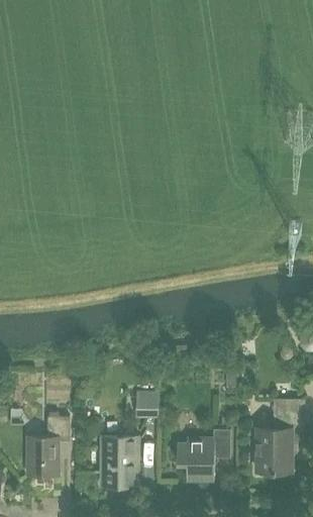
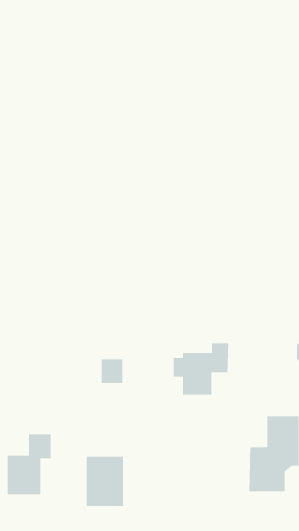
building: [136,393,158,417] -> [101,358,123,384]
building: [177,429,230,480] -> [173,342,229,396]

